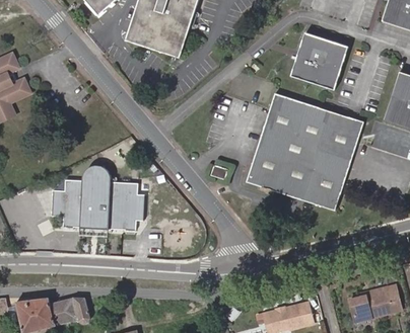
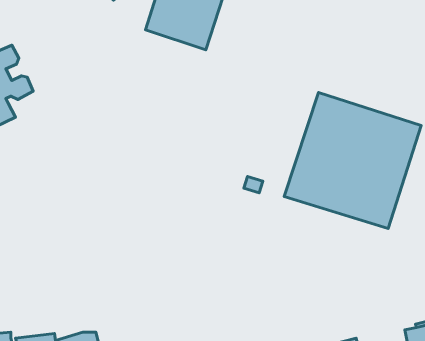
building: [290,32,348,89] -> none
building: [55,165,142,230] -> none

